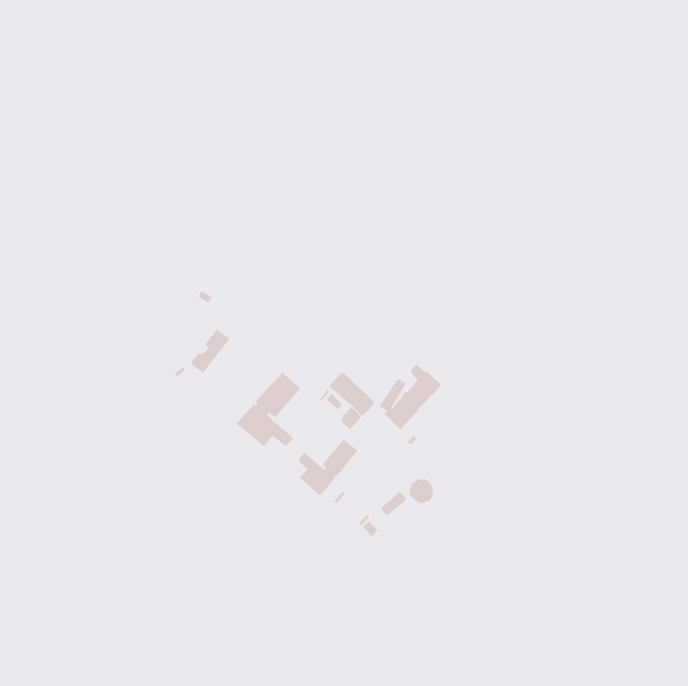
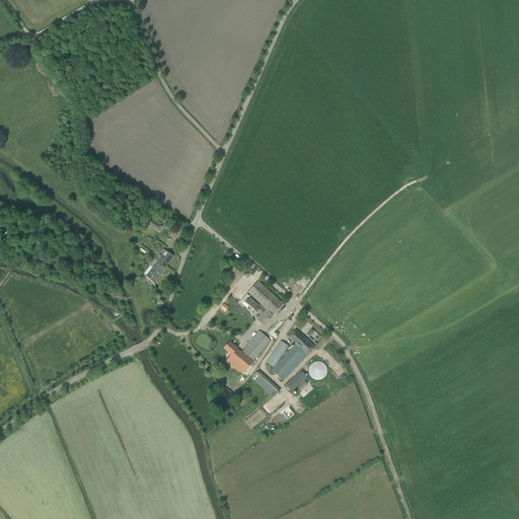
building: [379,363,442,430] -> [267,329,314,380]
building: [236,372,301,447] -> none

